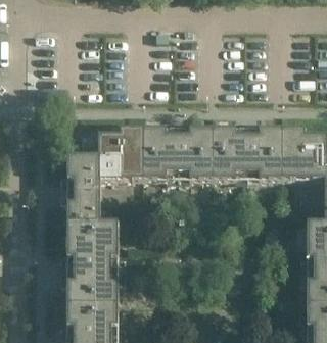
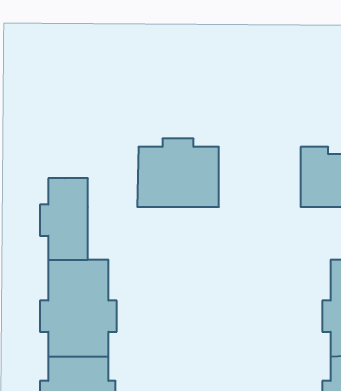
building: [211,121,280,180] -> none
building: [80,129,142,180] -> none

